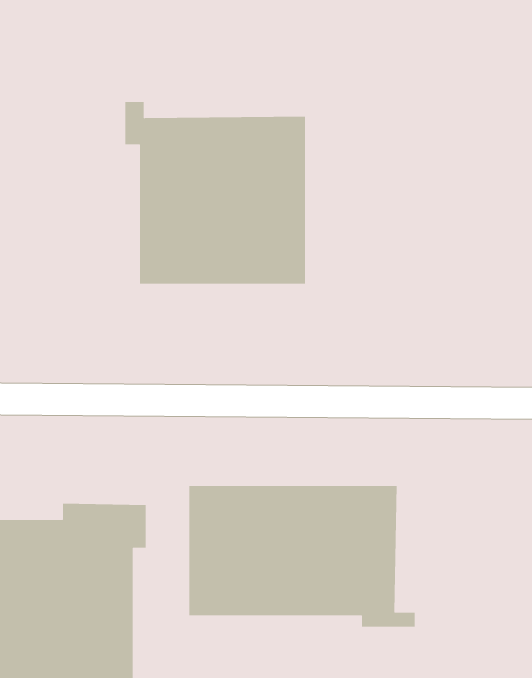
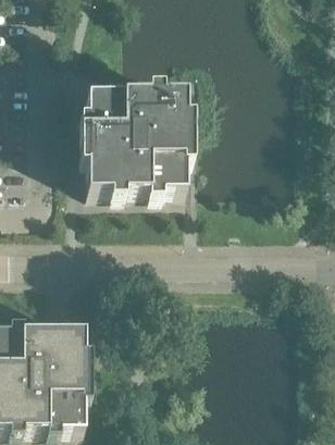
building: [189,485,416,628] -> none

